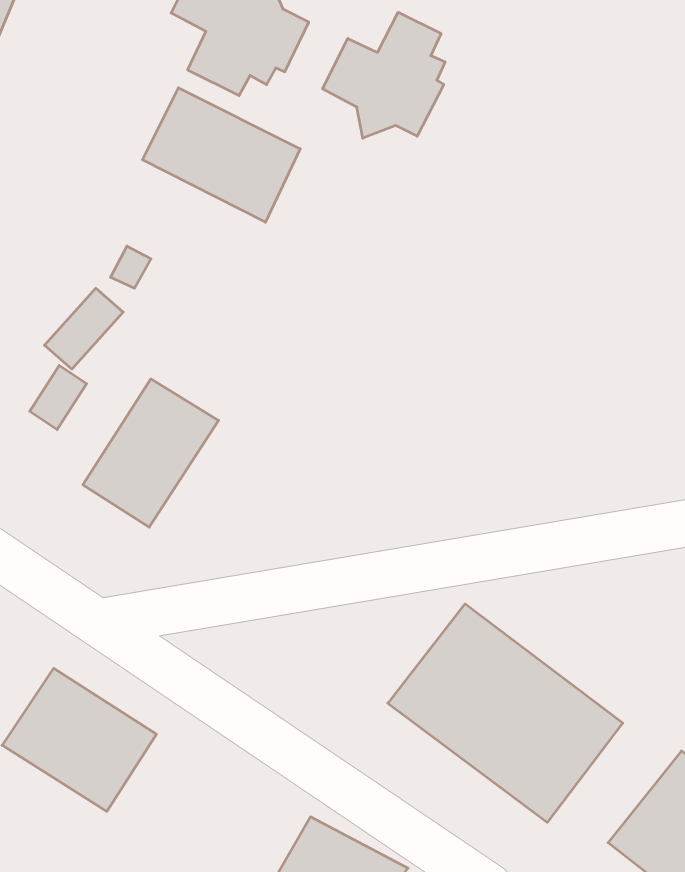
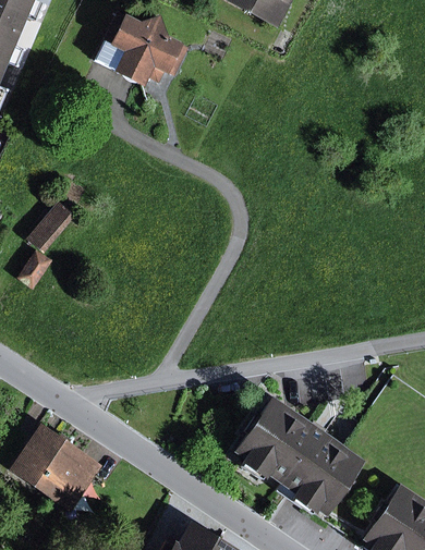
building: [323,12,445,138] -> none
building: [142,88,300,222] -> none
building: [83,379,219,527] -> none

